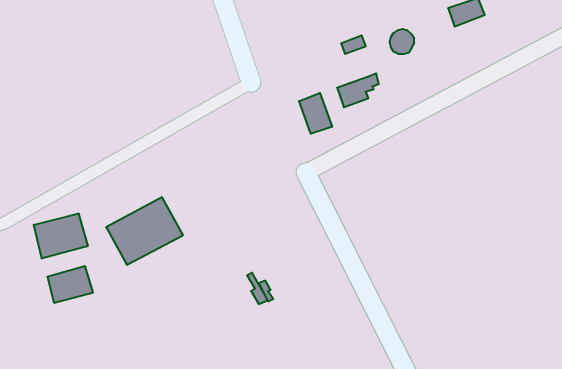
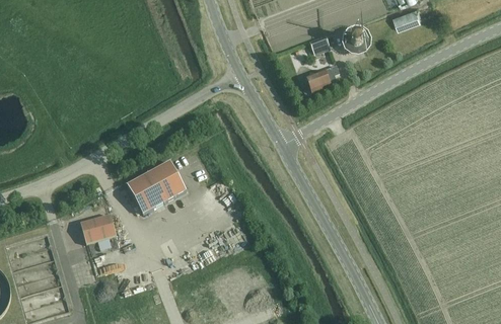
building: [299,93,332,134] -> none
building: [34,213,88,259] -> none

